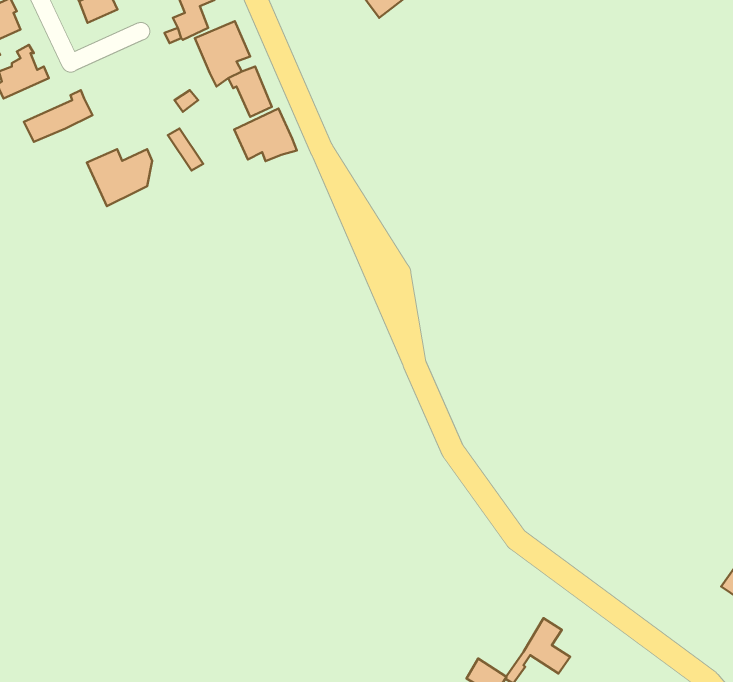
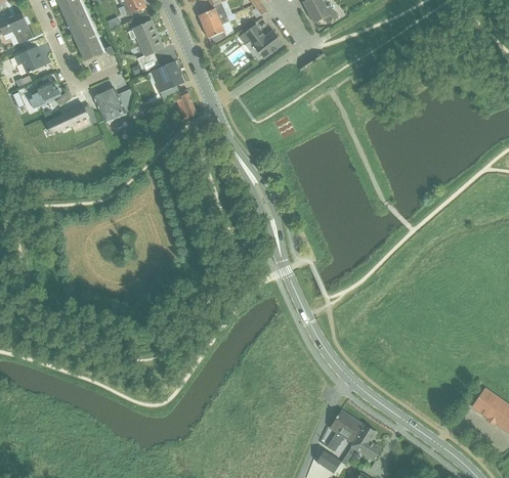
building: [234,109,297,161] -> none
building: [87,149,152,206] -> [93,87,133,122]
building: none -> [327,410,362,449]

